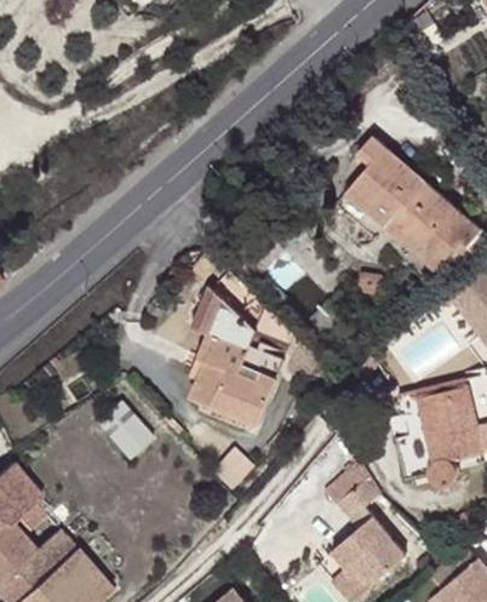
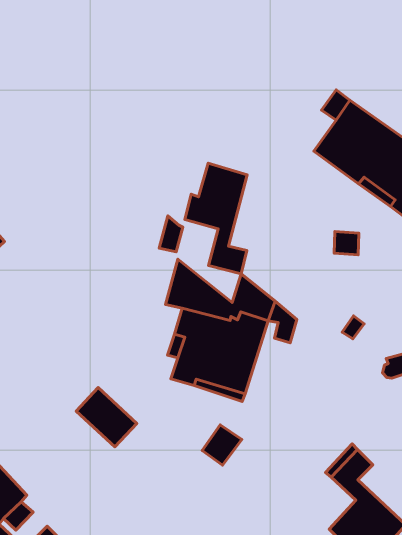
building: none -> [185,163,247,274]

